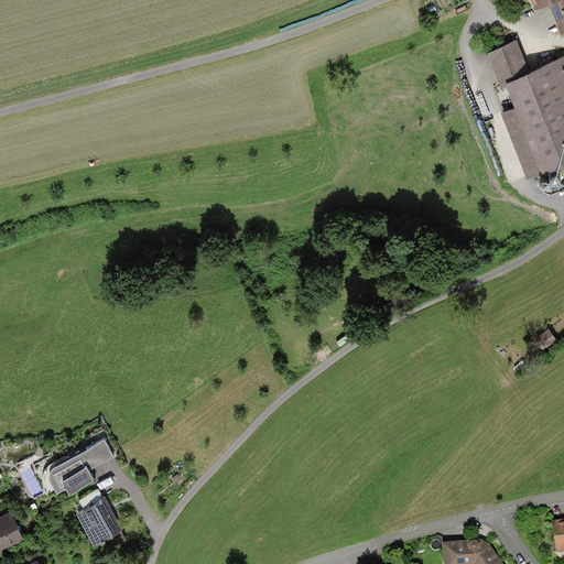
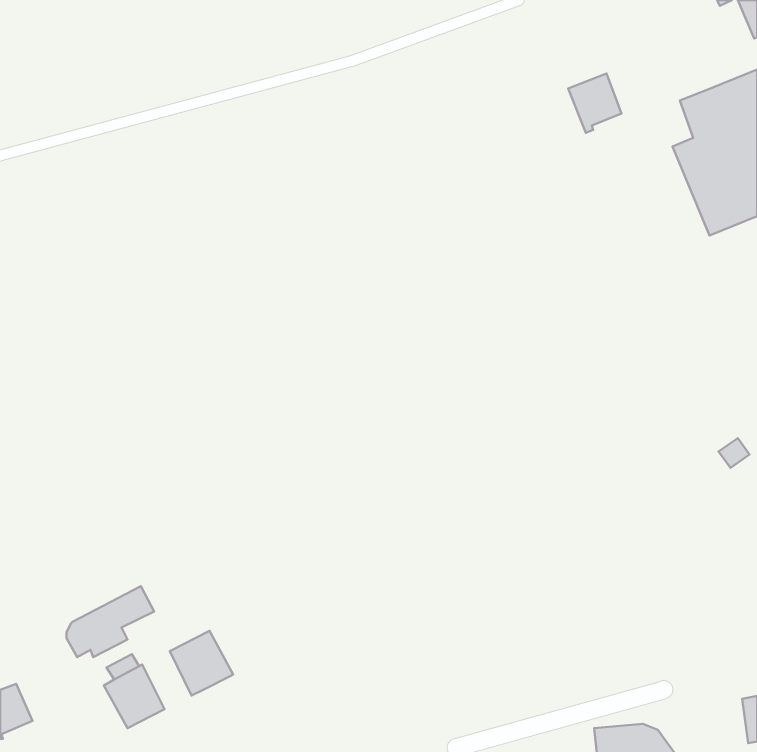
building: [488,40,528,84] -> [568,74,621,133]
building: none -> [170,631,233,695]

